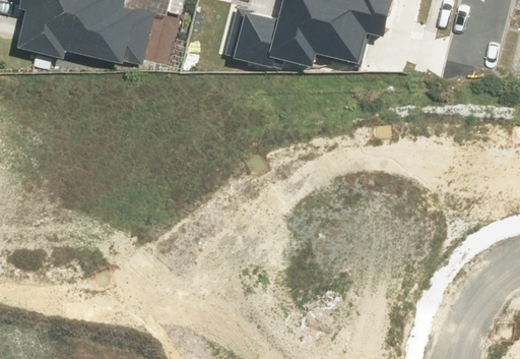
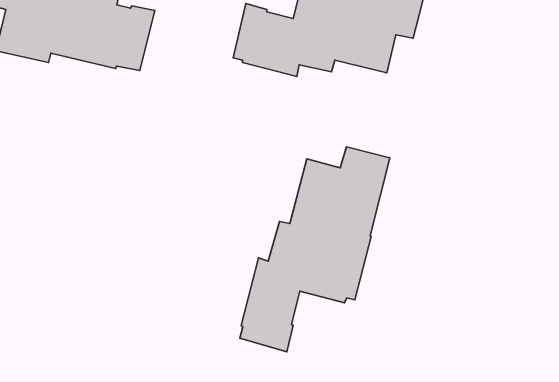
building: none -> [240,147,390,352]

